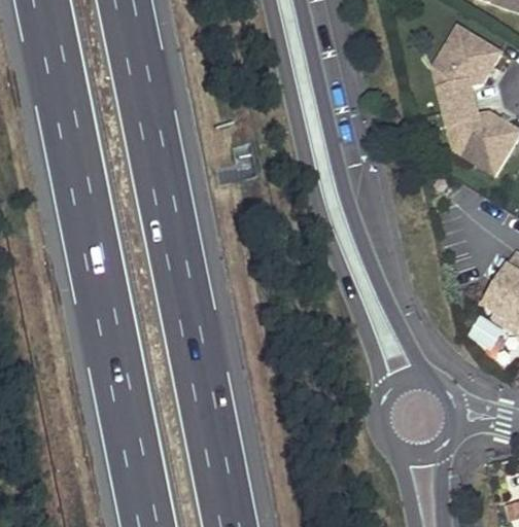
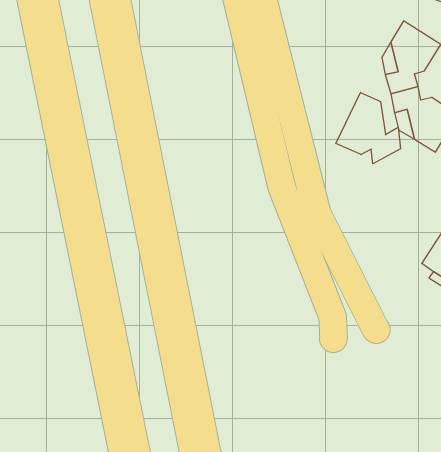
building: none -> [336,92,401,164]

